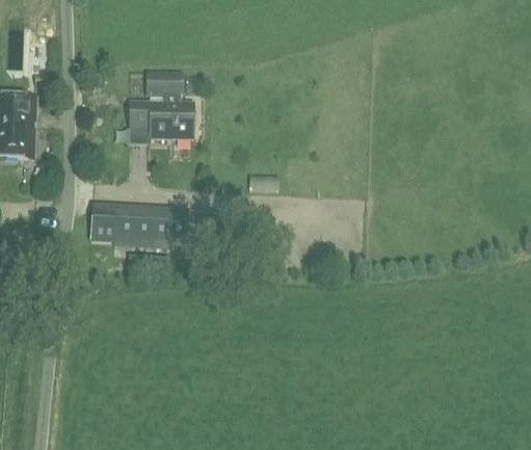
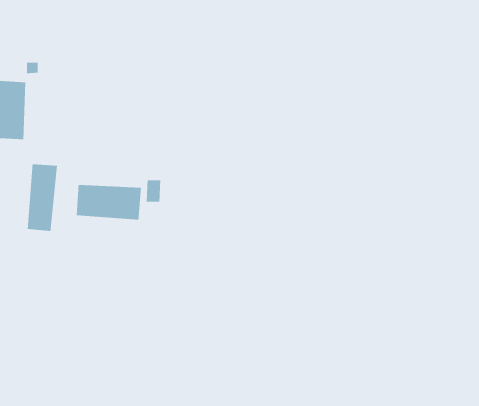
building: [129,74,192,137] -> none
building: none -> [27,164,58,232]

